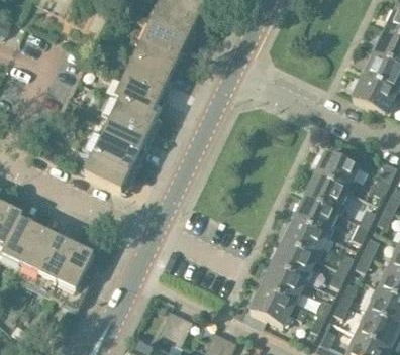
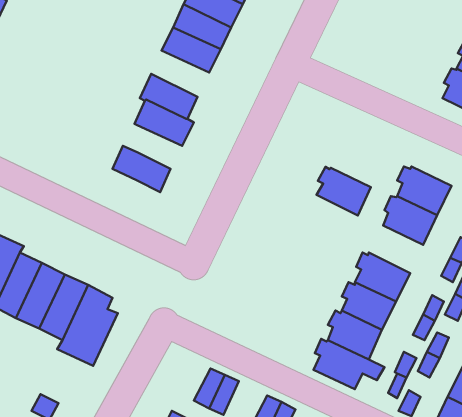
building: [124,60,170,96] -> none
building: [102,117,148,152] -> none
building: [84,152,131,190] -> none
building: [295,196,337,234] -> [317,167,371,216]

